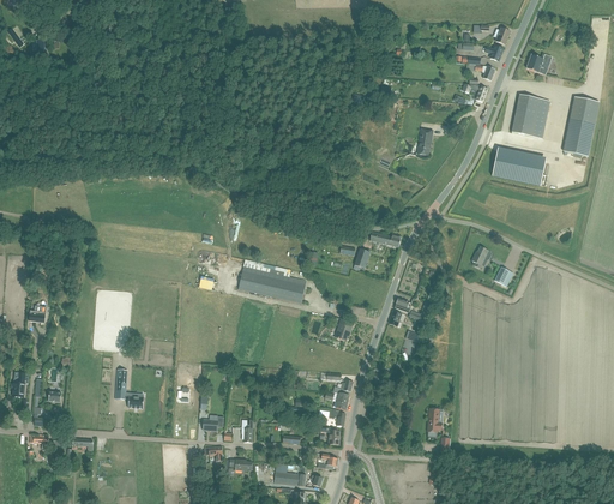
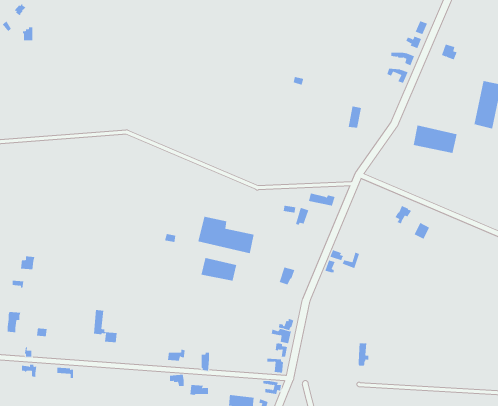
building: [511,95,549,139] -> none
building: none -> [201,257,237,282]

